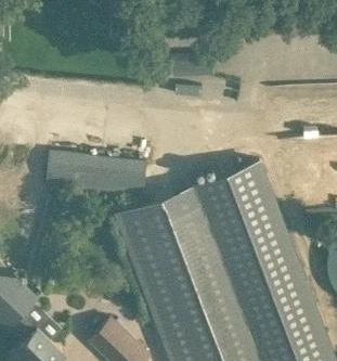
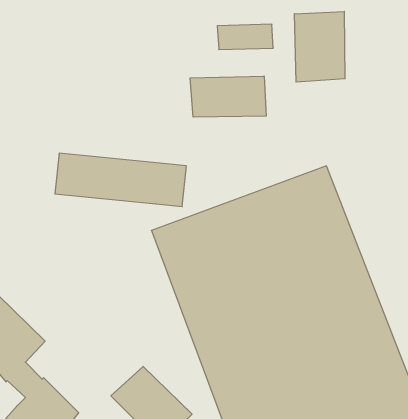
building: none -> [294,11,345,82]
building: none -> [190,76,266,117]

